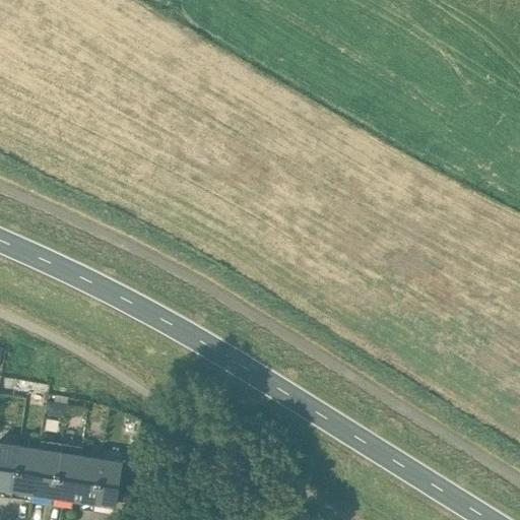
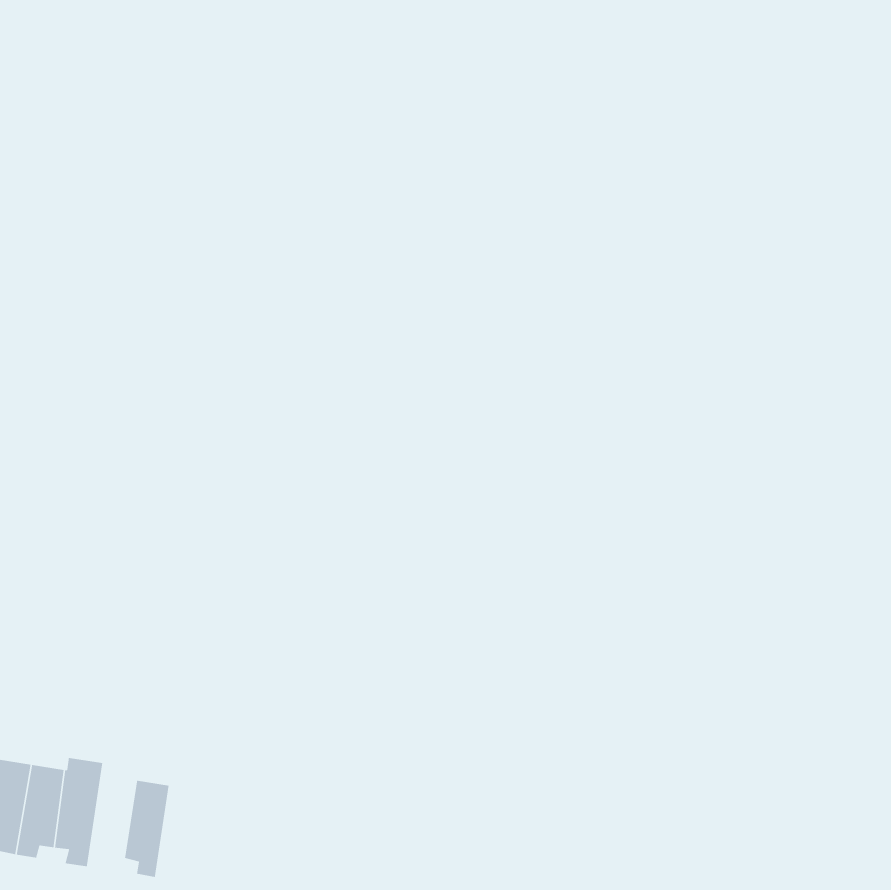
building: [51,445,80,508] -> none
building: [90,458,121,514] -> none

